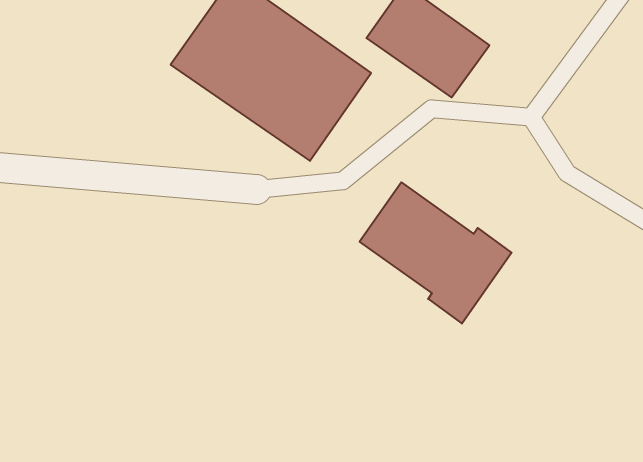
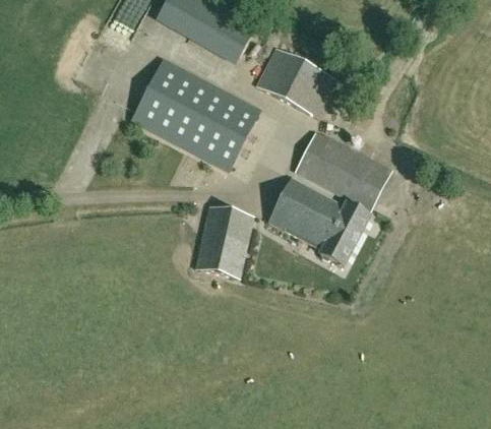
building: none -> [294,133,389,209]
building: none -> [193,204,253,278]

